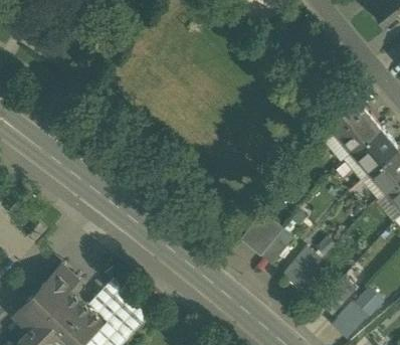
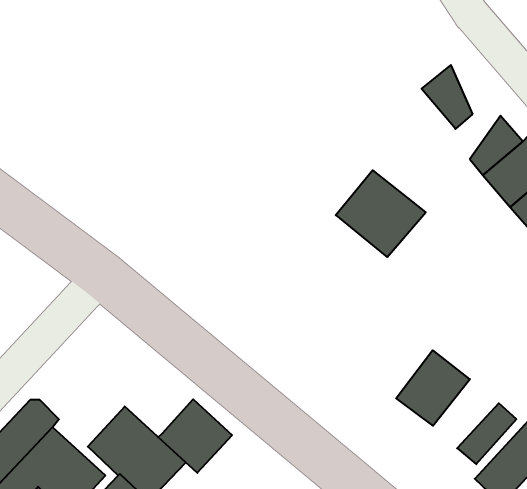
building: none -> [422,65,472,129]
building: [239,211,295,266] -> [336,170,426,257]
building: none -> [158,399,232,473]

